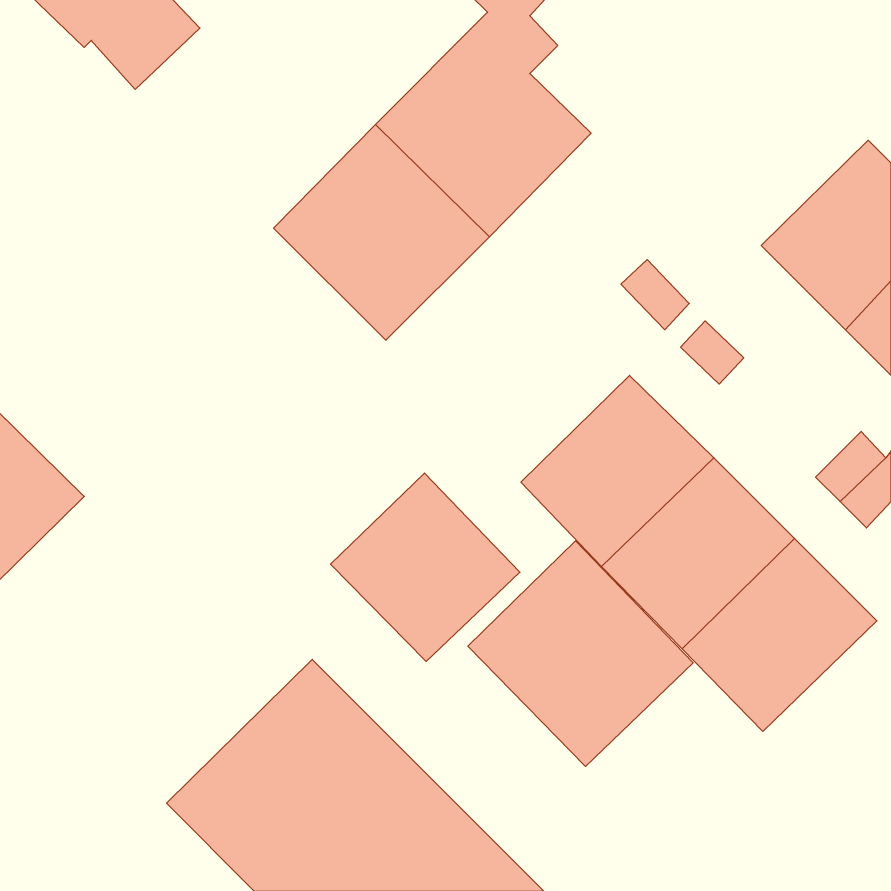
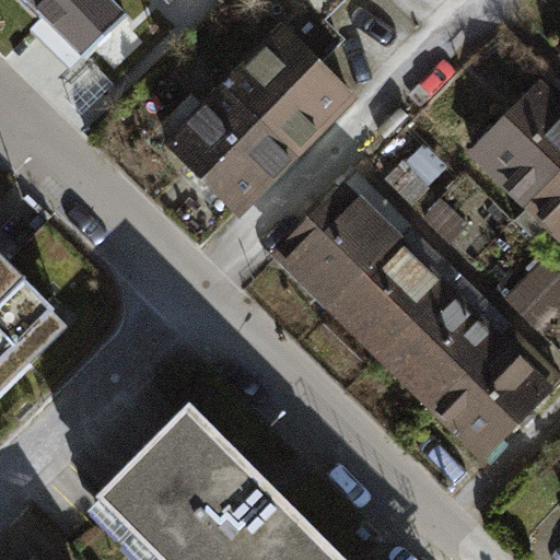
building: none -> [275,183,393,301]
building: [331,473,520,661] -> none
building: [468,541,693,766] -> none

